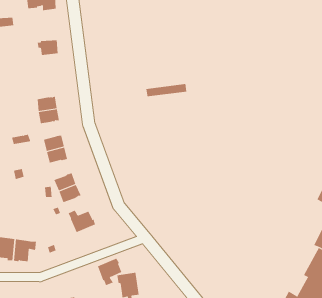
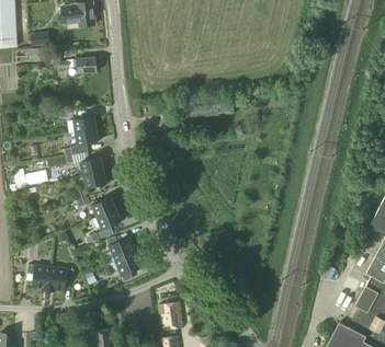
building: [97,258,122,286] -> [115,251,141,280]

